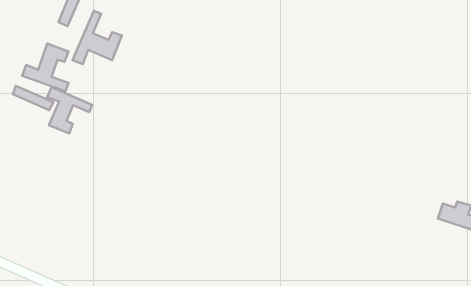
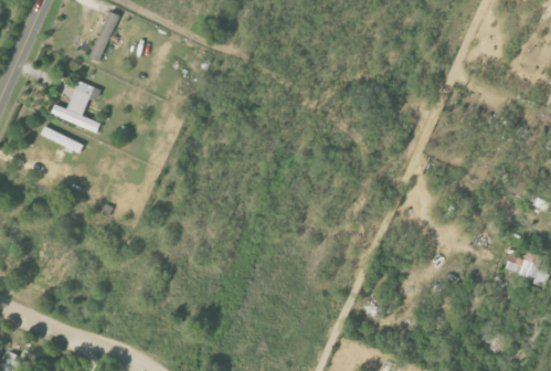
building: [73,11,122,64] -> none
building: [47,87,92,133] -> none

